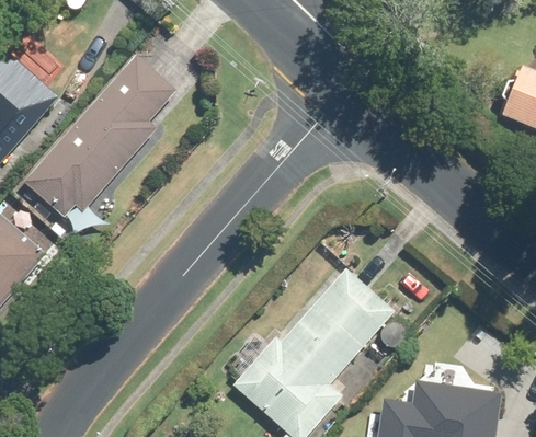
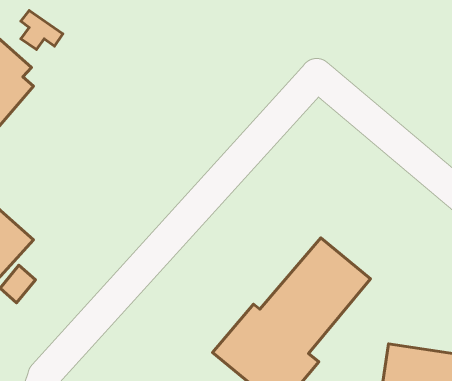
building: [23,65,176,227] -> none

